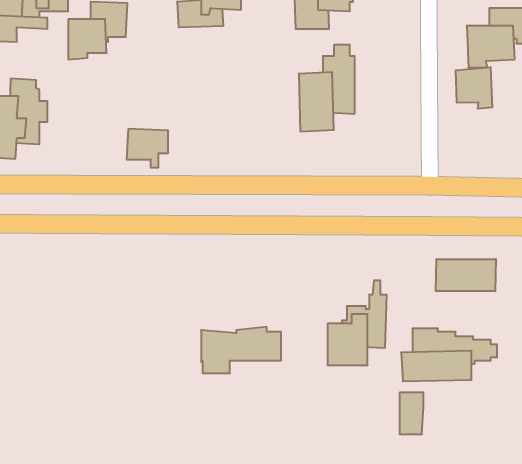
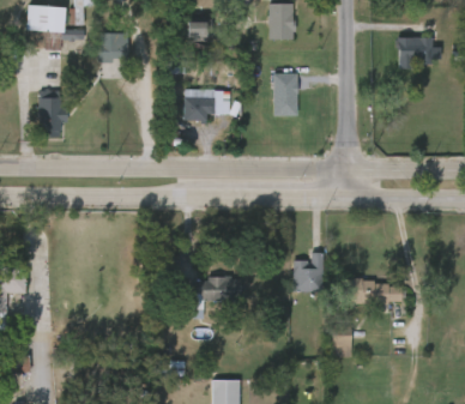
building: [456,67,492,109] -> none
building: [127,129,168,167] -> [197,86,228,115]
building: [436,259,496,291] -> none

